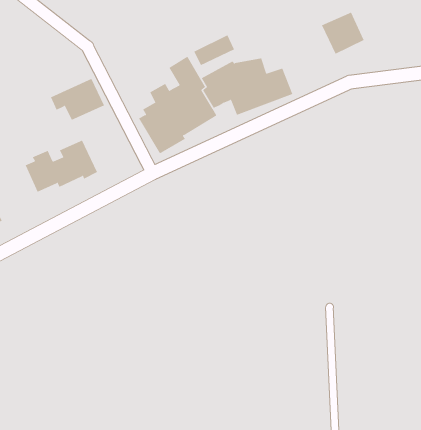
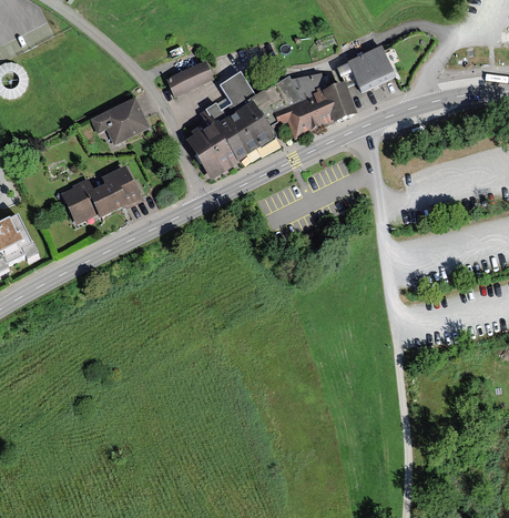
building: [321,12,365,54] -> [346,44,394,91]
building: [193,34,235,66] -> [164,60,210,94]

